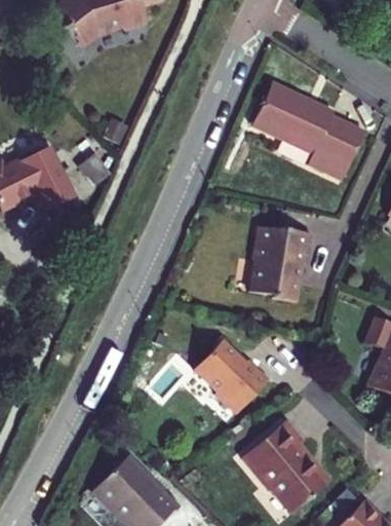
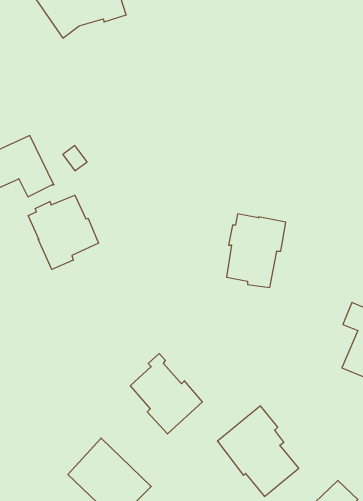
building: [250,84,363,181] -> none
building: none -> [28,195,98,269]
building: [203,332,277,414] -> [130,354,202,434]

